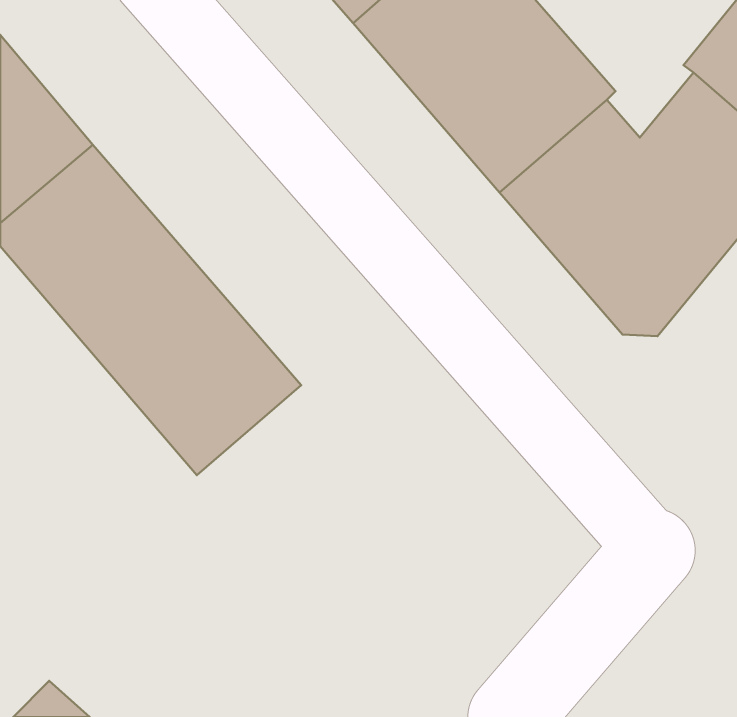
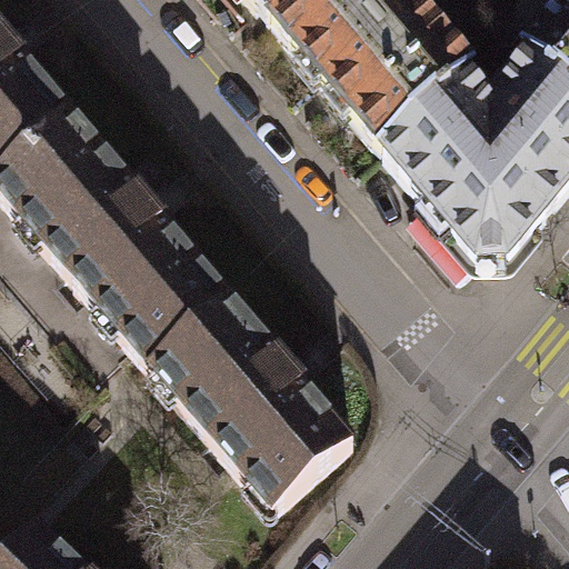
building: none -> [153,296,357,507]

